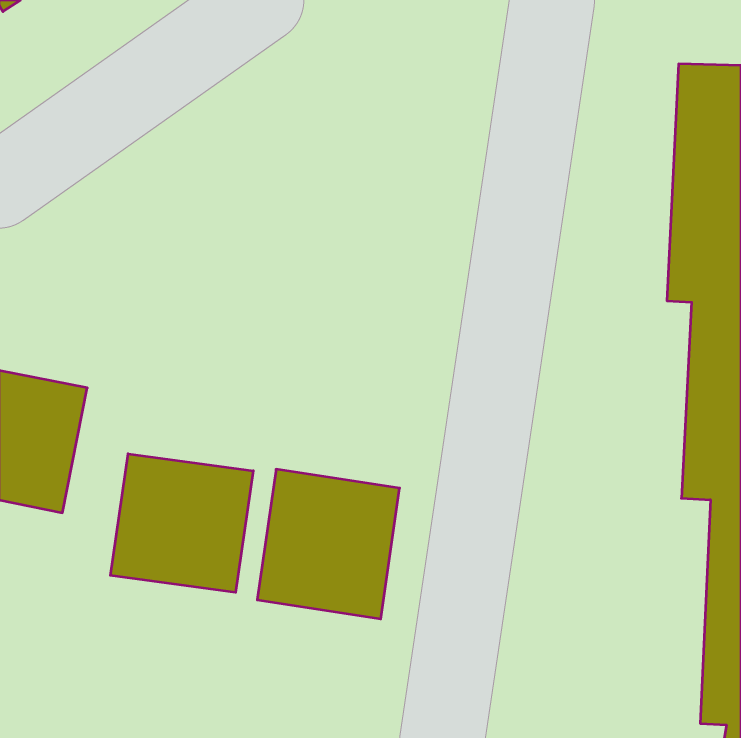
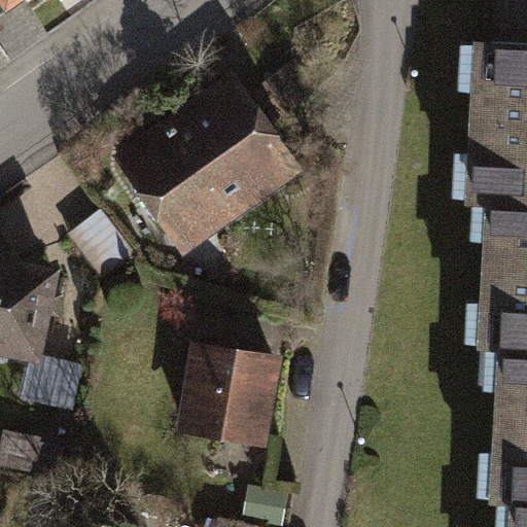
building: none -> [119,85,301,260]
building: [110,454,253,592] -> none

